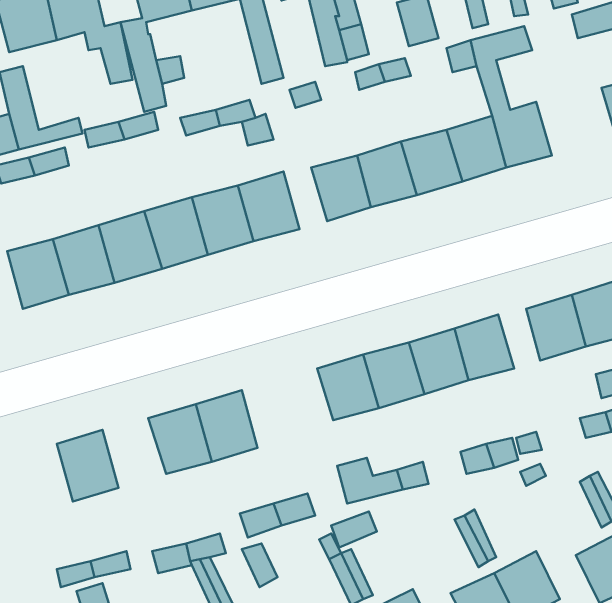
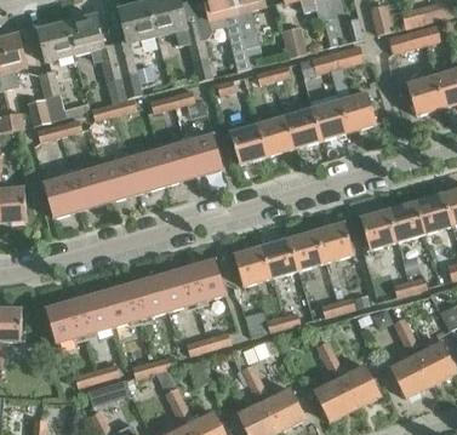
building: none -> [187,258,224,302]
building: none -> [102,284,141,326]
building: none -> [46,299,84,342]

